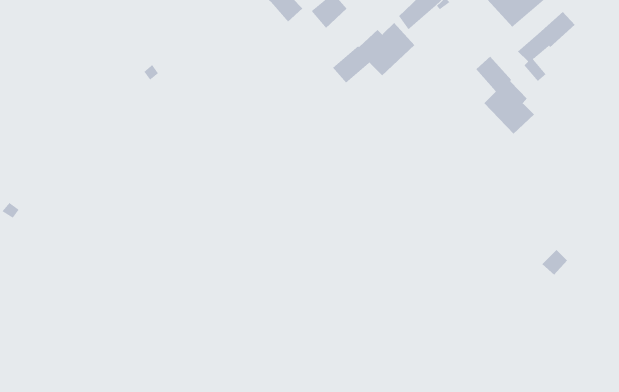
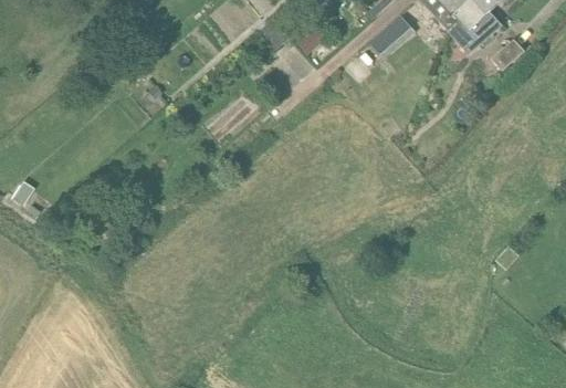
building: [332,22,415,84] -> none
building: [475,56,535,134] -> none

